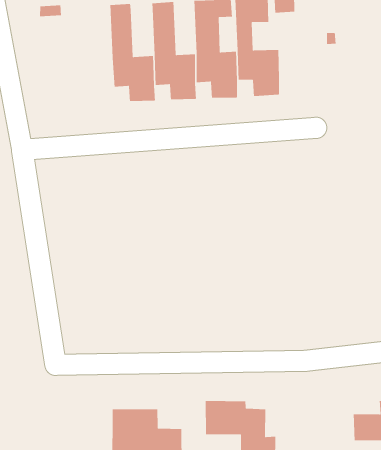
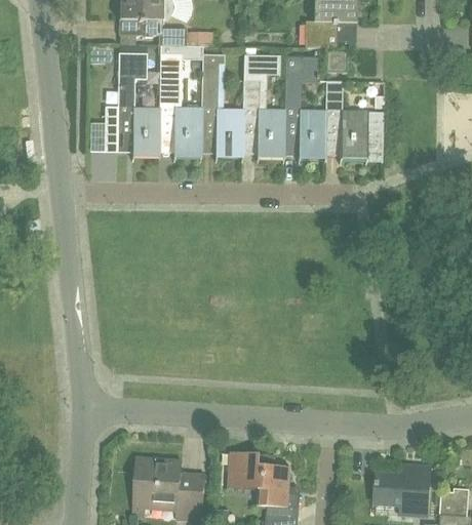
building: none -> [104,53,159,161]
building: none -> [325,82,383,165]

